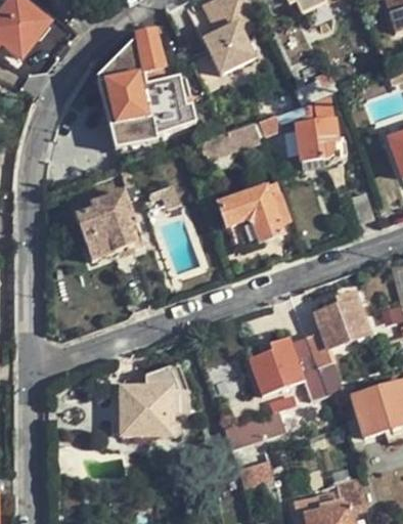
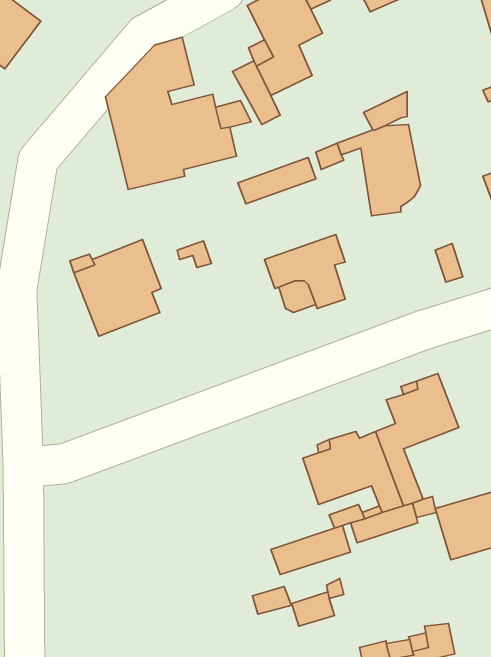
building: [111,361,189,435] -> none

